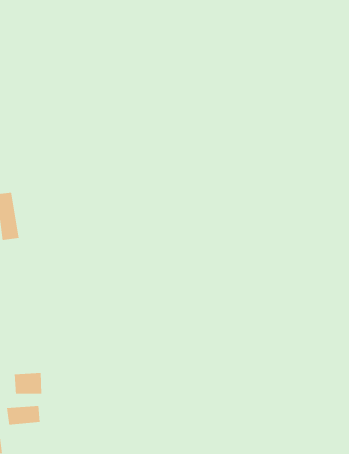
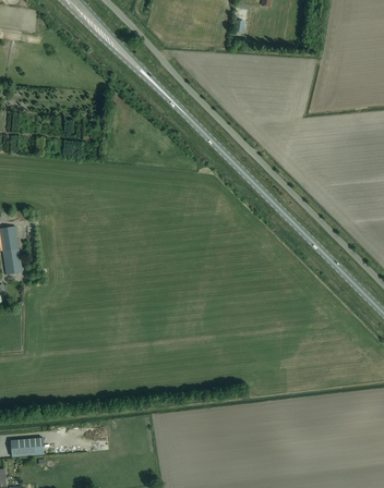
building: [14,372,42,394] -> none

